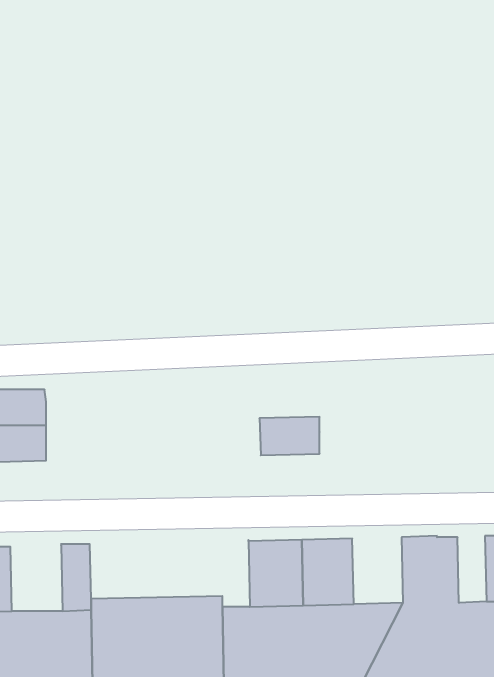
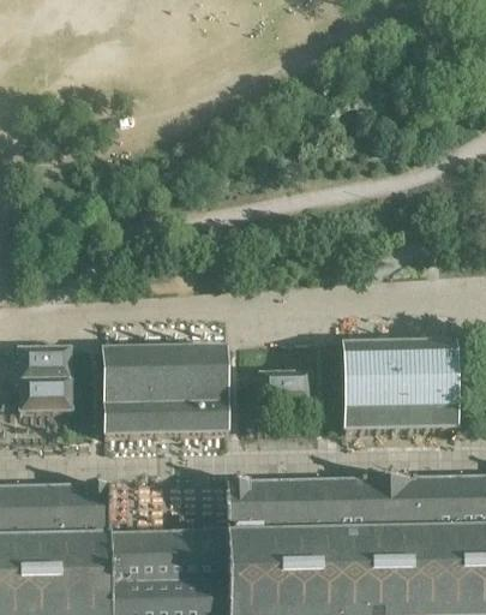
building: none -> [344,344,456,432]
building: none -> [102,348,227,437]
building: none -> [432,478,457,537]
building: none -> [340,479,384,538]
building: none -> [224,482,250,541]
building: none -> [40,486,85,544]

